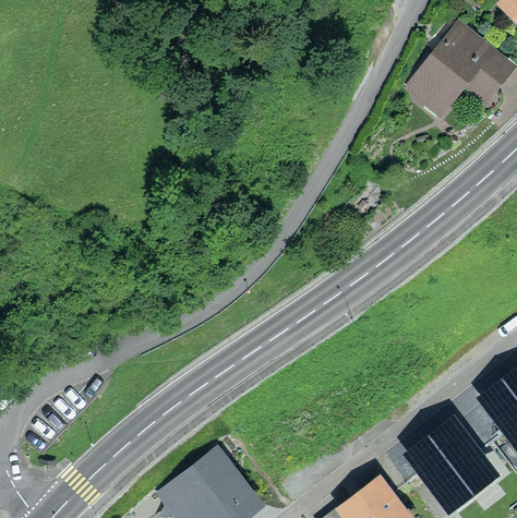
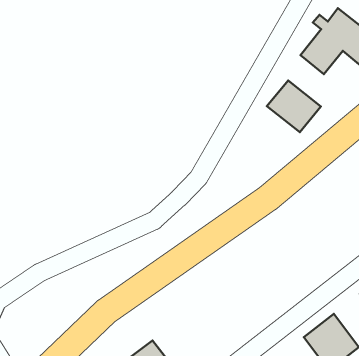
building: none -> [267,80,321,132]

